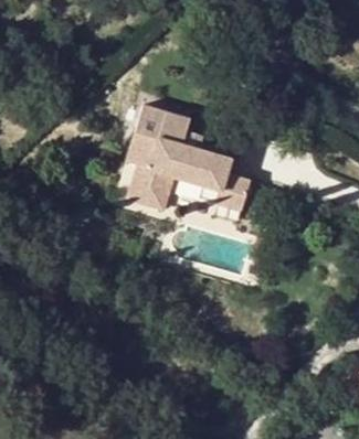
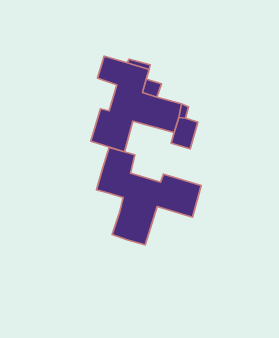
building: none -> [97,147,201,245]

